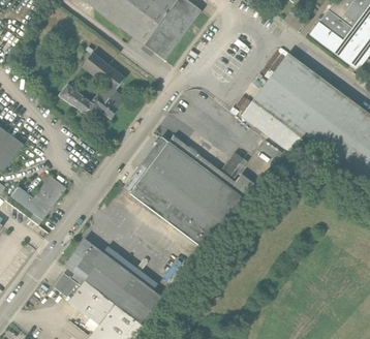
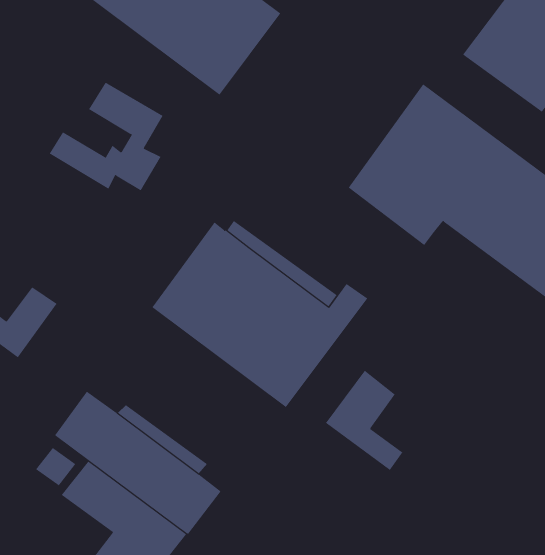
building: none -> [325,370,403,471]

